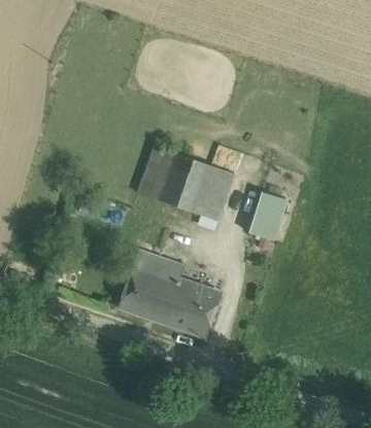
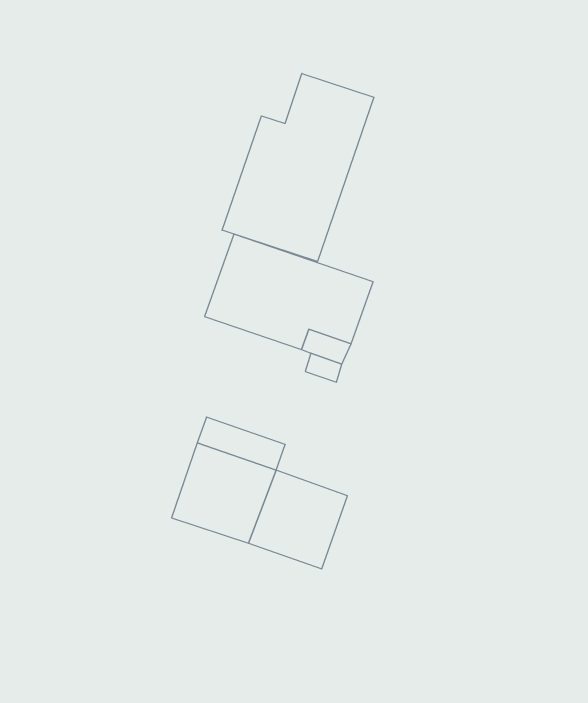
building: none -> [222,73,374,262]
building: [248,193,288,241] -> none

